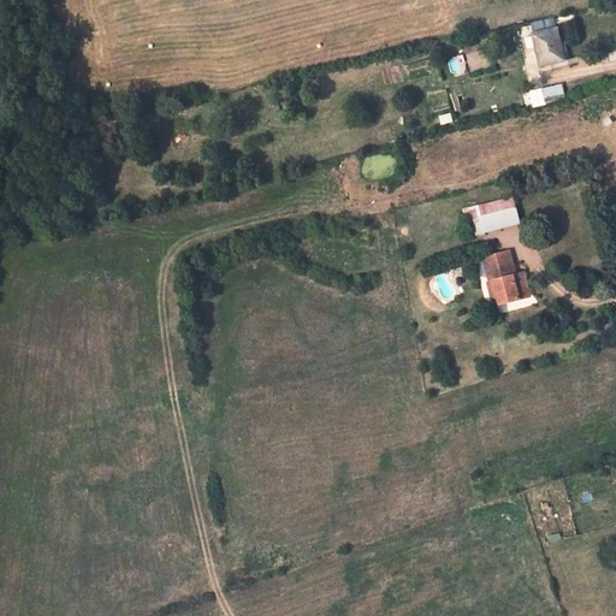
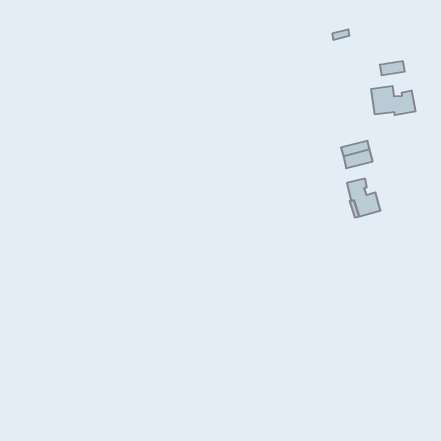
building: [533,29,561,65] -> none
building: none -> [371,86,415,115]

